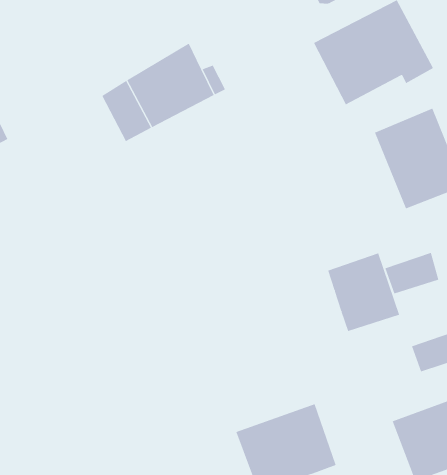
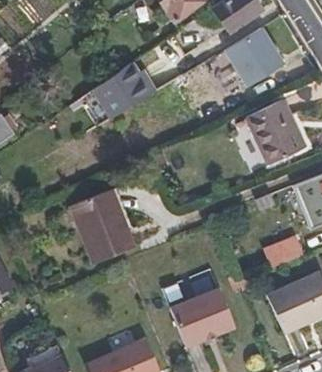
building: none -> [68,192,134,265]
building: [327,253,400,332] -> none

